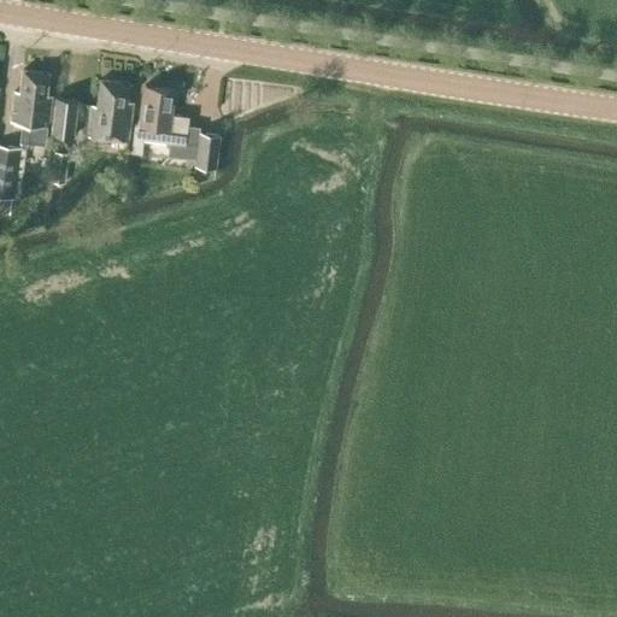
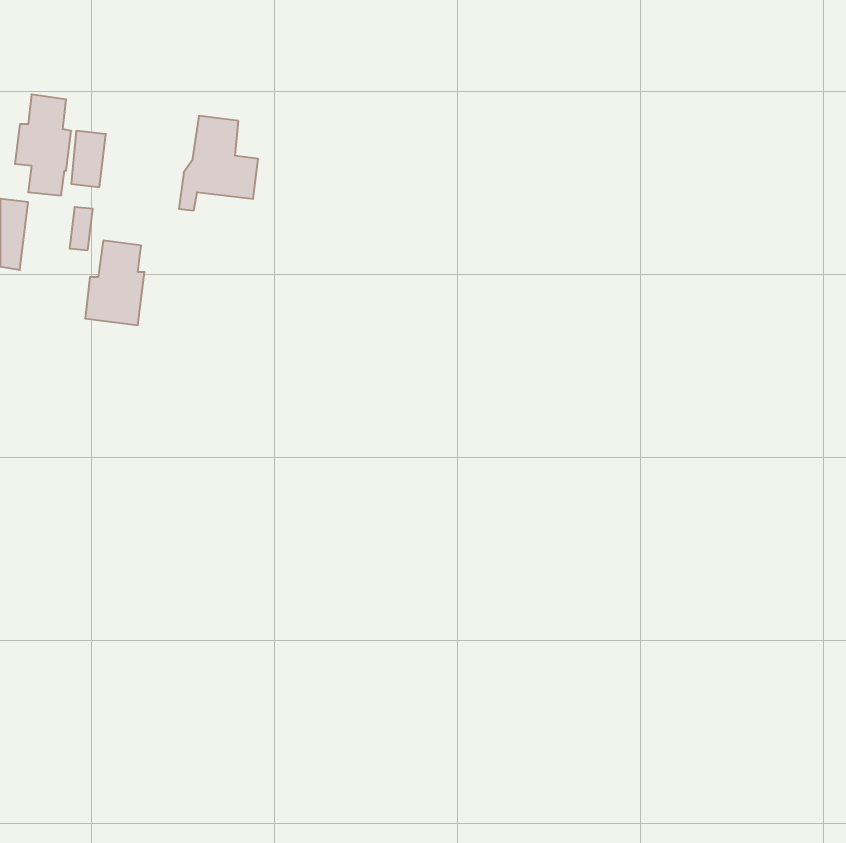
building: [88,81,131,142] -> [85,241,145,325]
building: [195,134,219,170] -> none

